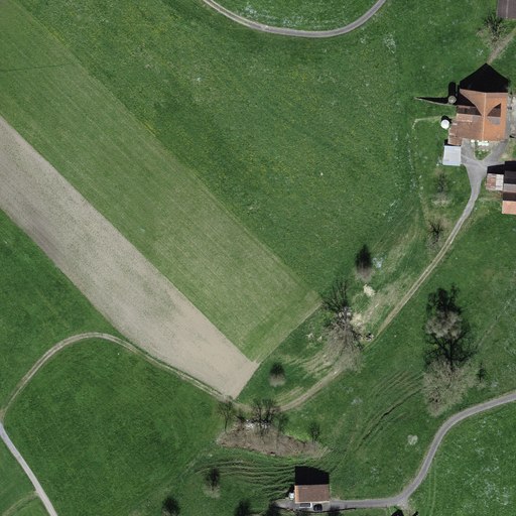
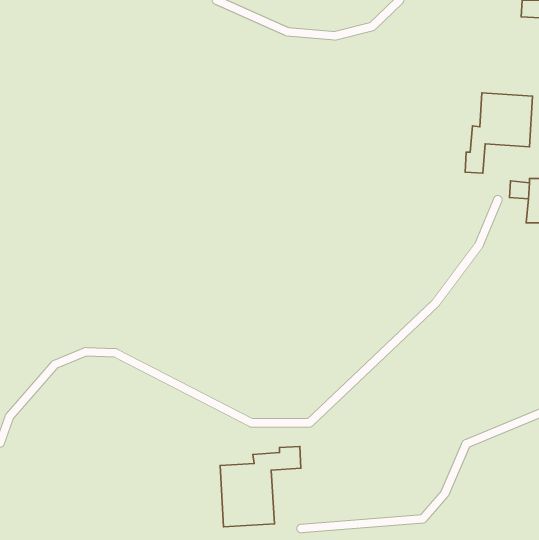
building: none -> [220,447,301,527]
building: [295,483,331,503] -> none

